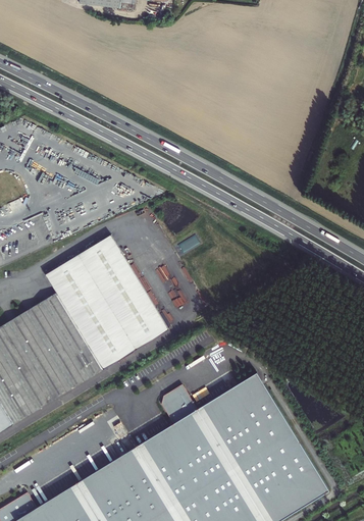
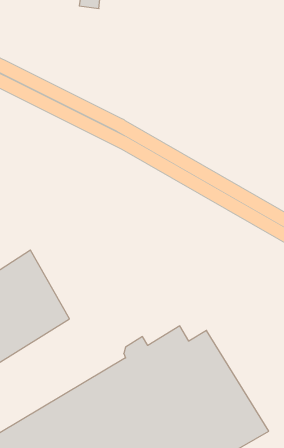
building: [44,235,167,370] -> none

